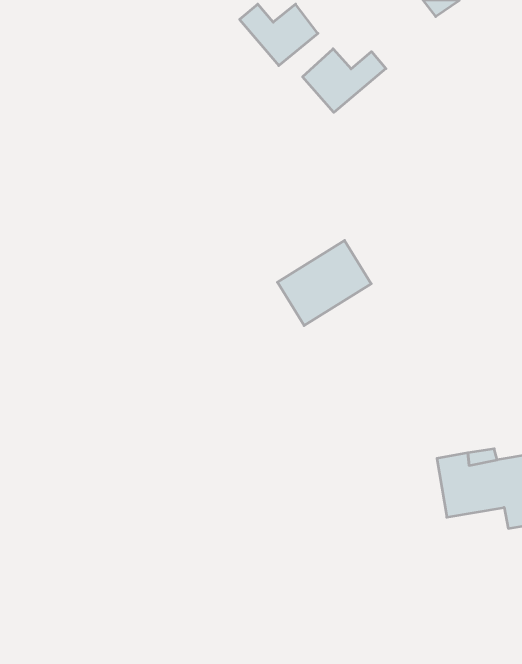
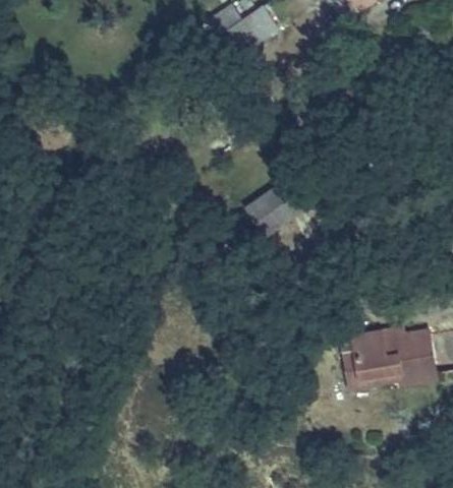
building: [303,49,386,112] -> none
building: none -> [342,334,410,390]

